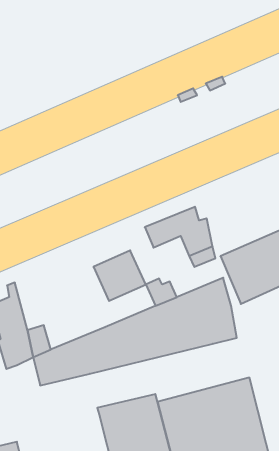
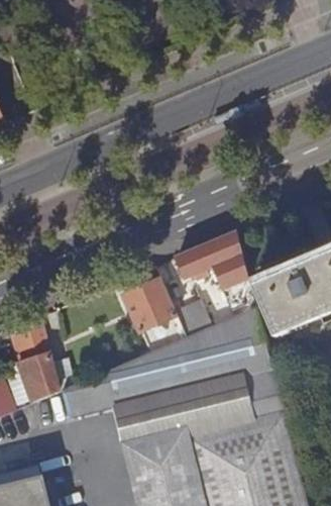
building: none -> [116,372,283,444]

